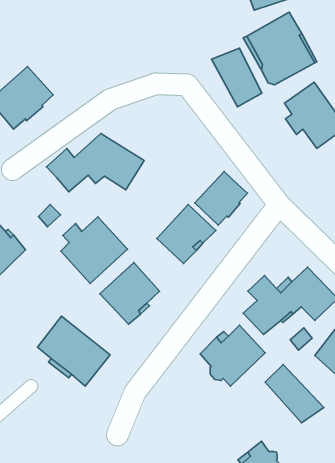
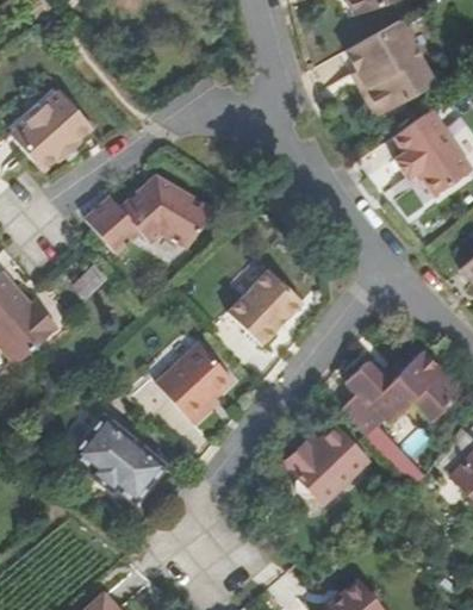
building: [212,48,262,107] -> none
building: [195,171,247,225] -> none
building: [61,217,127,284] -> none
building: [265,365,324,423] -> none

